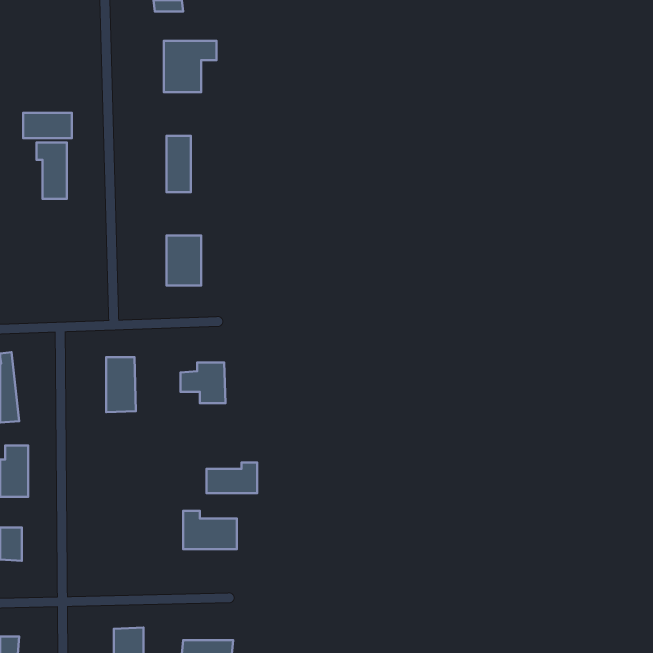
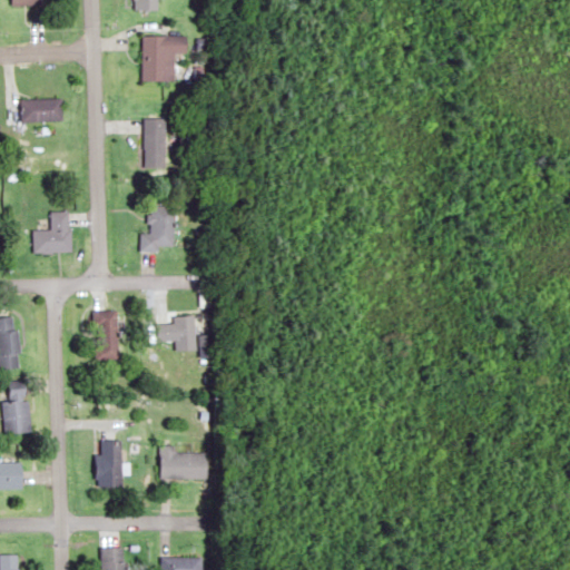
building: [36,142,67,199] -> none
building: none -> [33,212,70,253]
building: [206,463,257,493] -> none
building: none -> [95,441,121,488]

